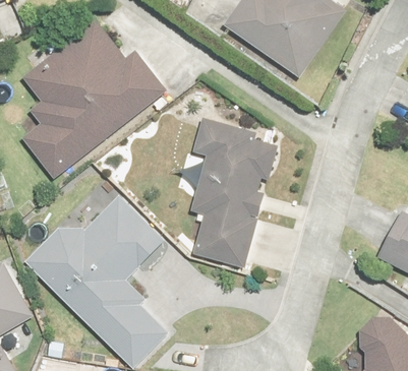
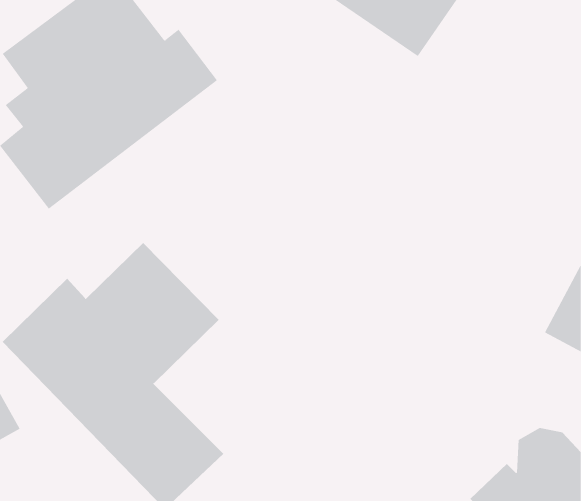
building: [178,118,276,269] -> none

